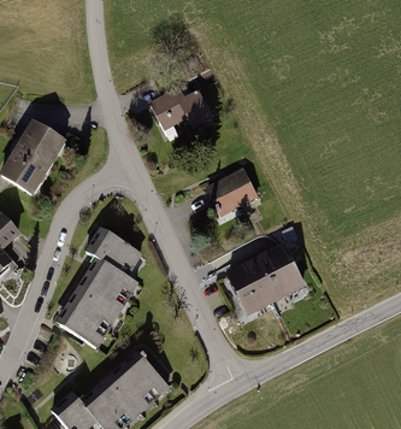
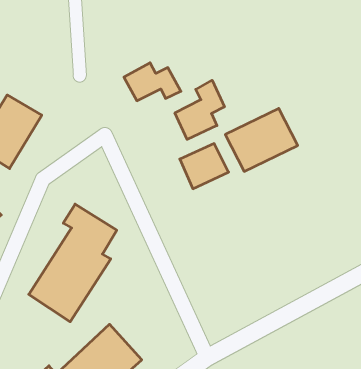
building: none -> [175,80,224,139]
building: [226,248,300,312] -> [225,108,298,171]

